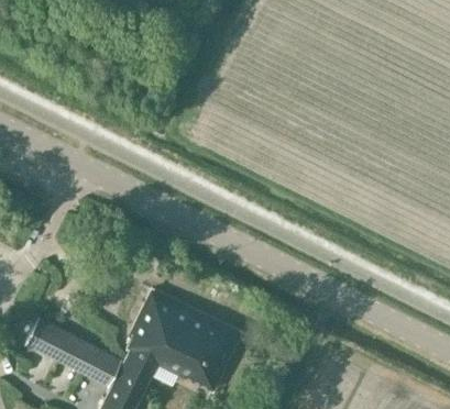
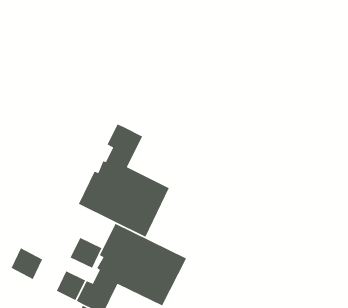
building: none -> [78,124,170,238]
building: [51,332,90,371] -> [70,237,102,269]

